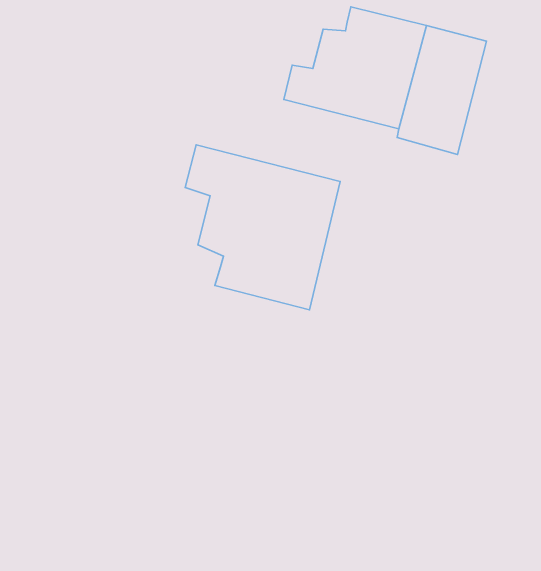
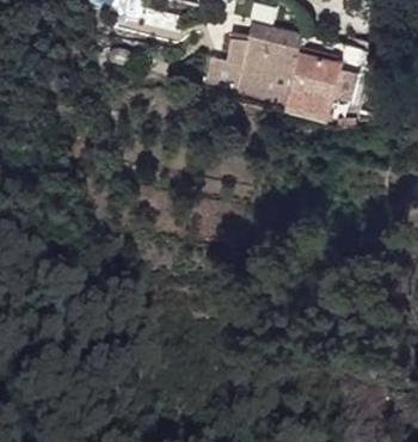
building: [185,145,340,310] -> none

